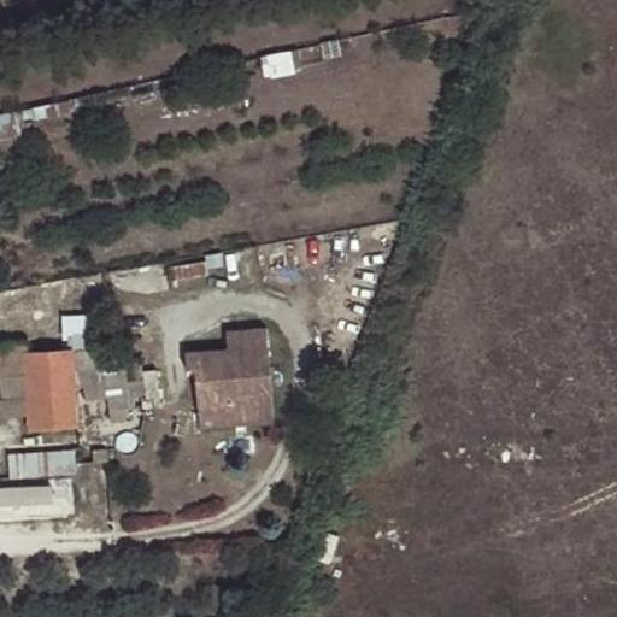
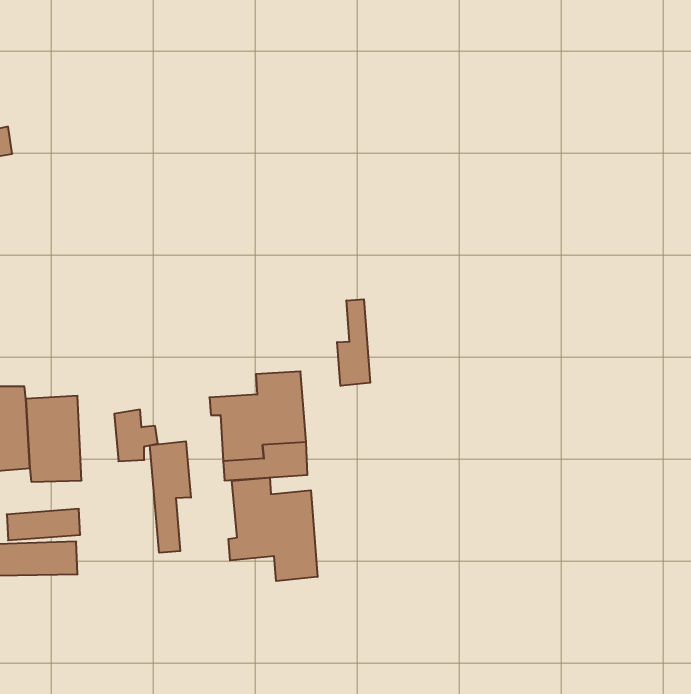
building: none -> [337,299,370,386]
building: none -> [150,441,191,553]
building: none -> [228,477,318,581]

